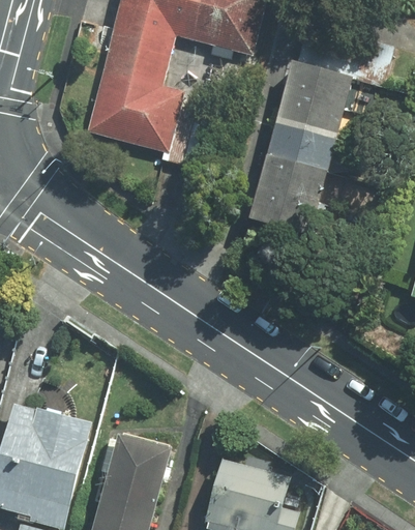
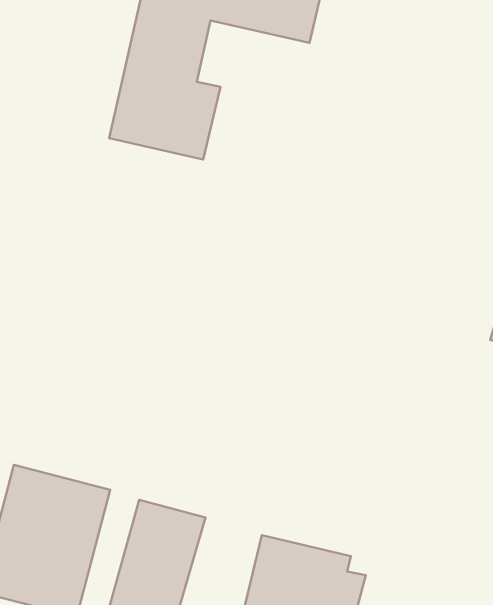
building: [247,22,397,238] -> none

